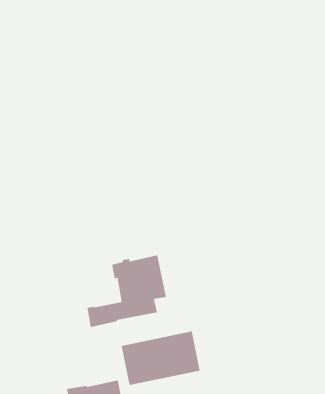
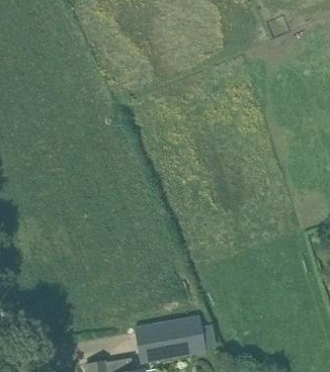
building: [87,254,167,328] -> none

